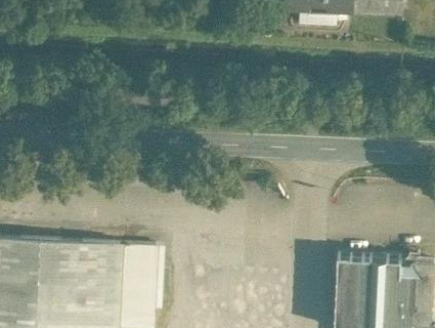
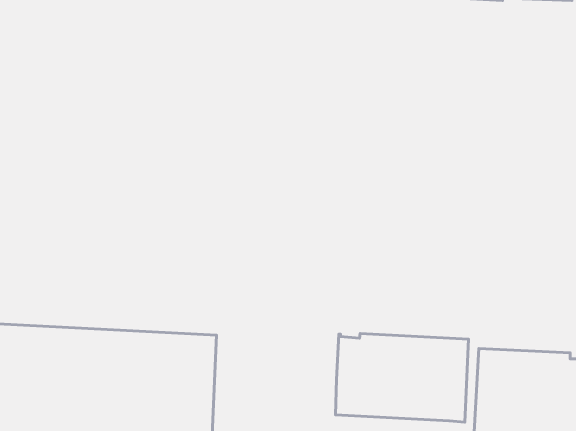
building: none -> [336,334,468,422]

